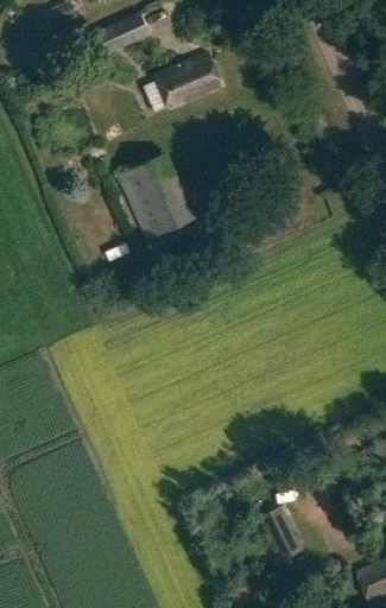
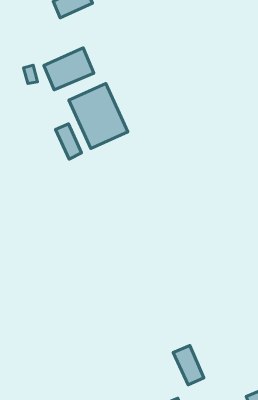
building: [154,52,222,109] -> [44,48,94,90]
building: none -> [56,124,81,159]

